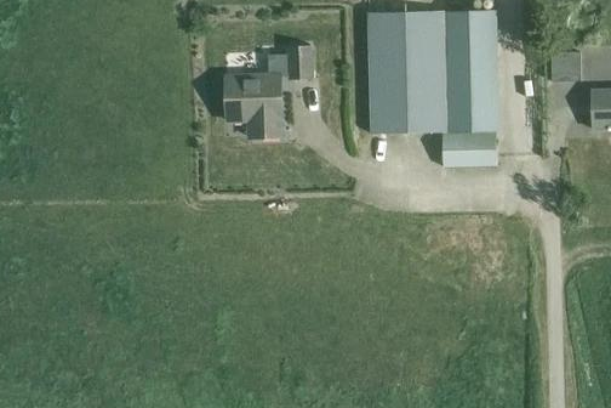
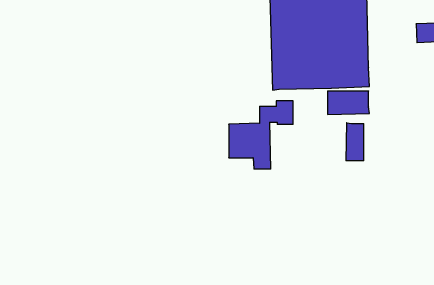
building: [227,47,310,136] -> [229,101,293,169]
building: none -> [346,123,364,161]

